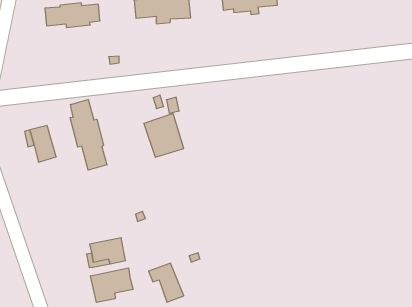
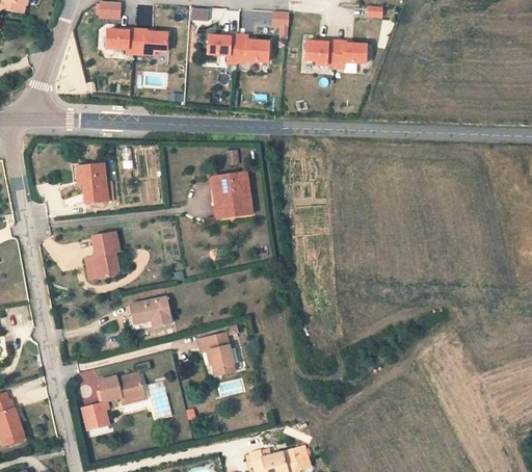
building: [70,100,107,170] -> none
building: none -> [85,230,111,274]
building: [91,268,133,302] -> none

